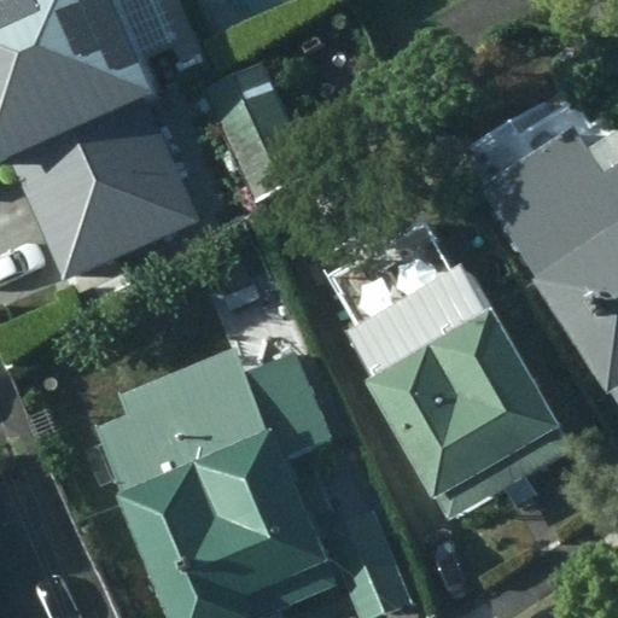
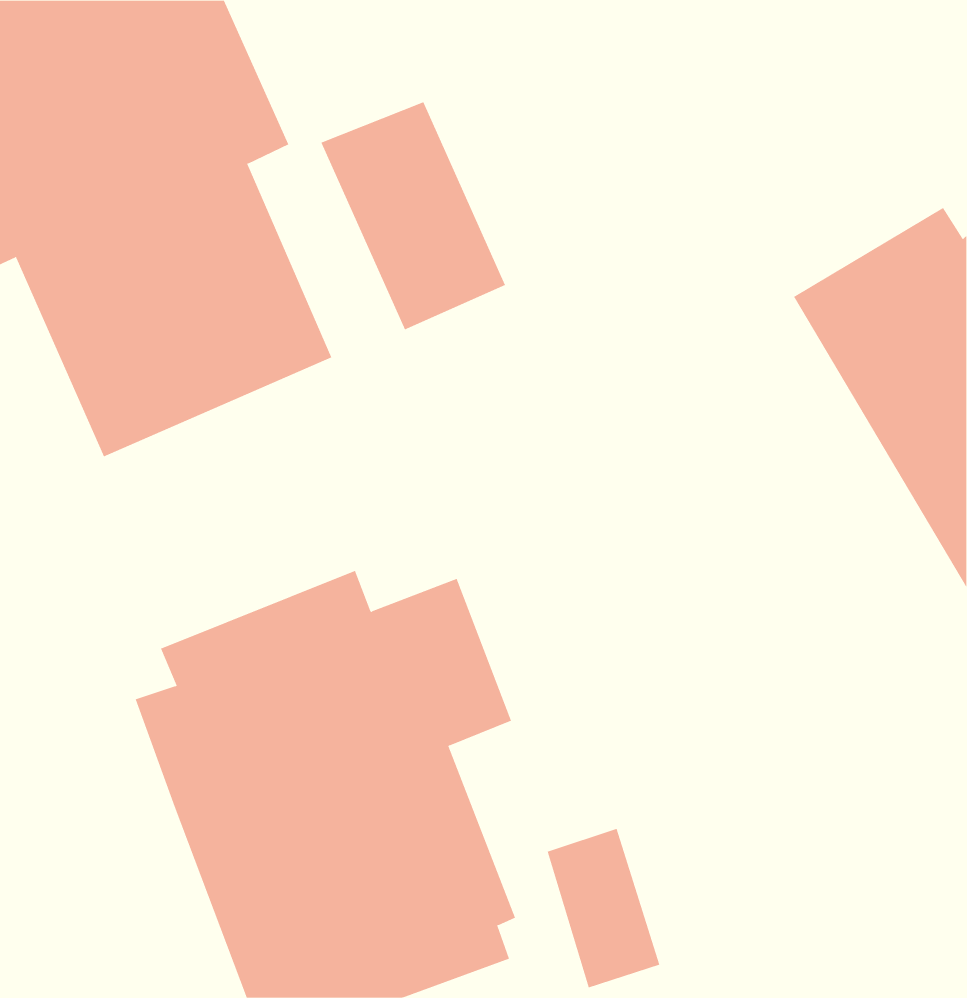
building: [348,266,571,507] -> none

